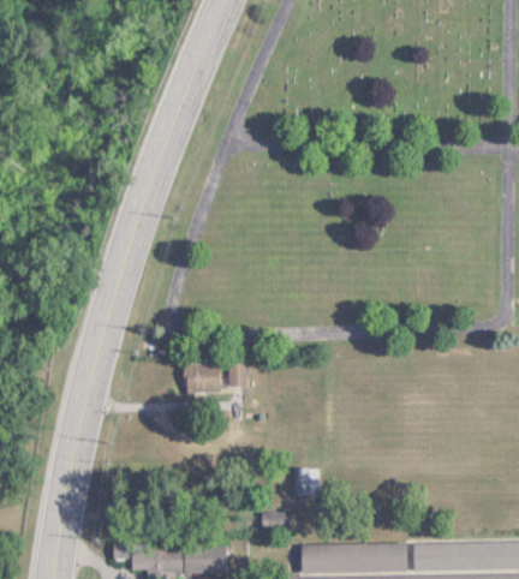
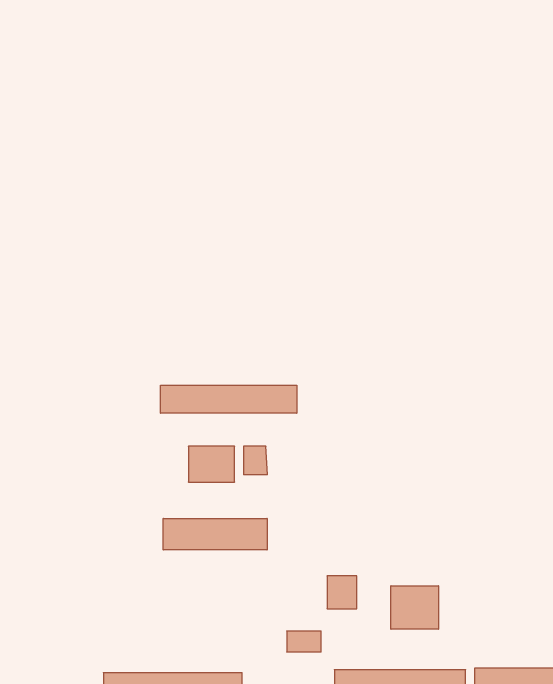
building: none -> [161,385,297,413]
building: none -> [163,518,267,550]
building: none -> [391,586,438,629]

